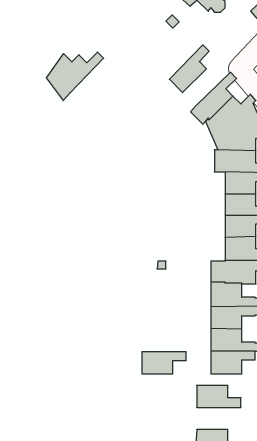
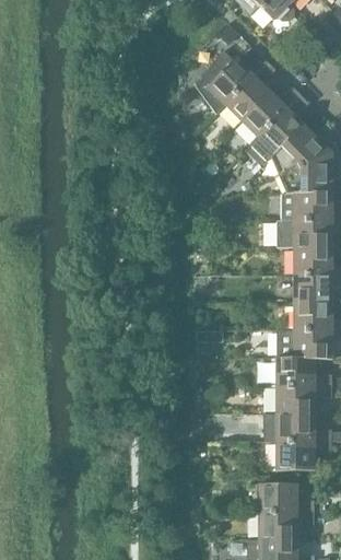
building: [46,52,104,101] -> [195,55,266,115]
building: none -> [240,88,299,138]
building: [142,352,186,374] -> [258,512,313,539]

